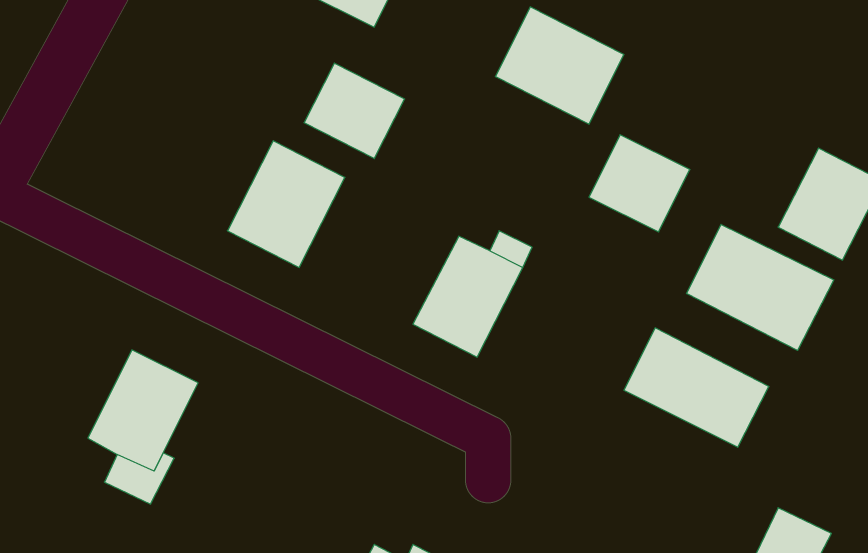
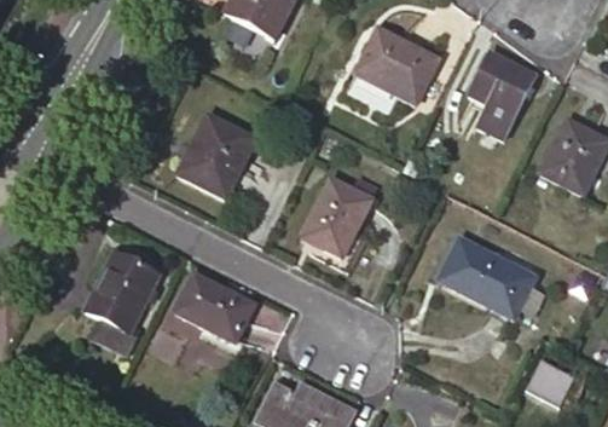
building: [304,63,405,159] -> none
building: [589,135,690,232] -> [468,52,534,116]
building: [687,224,834,350] -> none
building: none -> [175,273,253,341]

